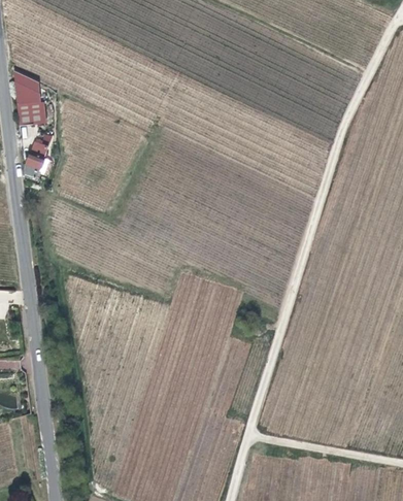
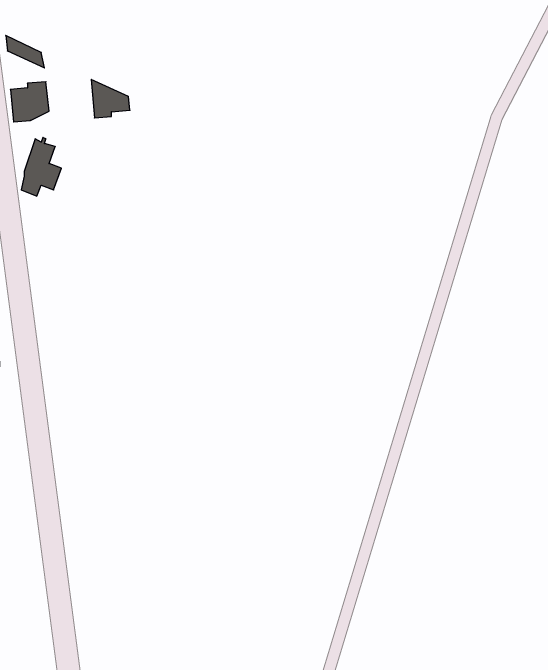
building: [16,81,42,107] -> [91,79,130,118]

